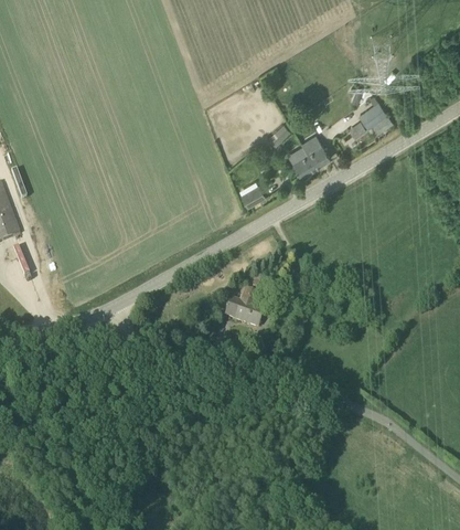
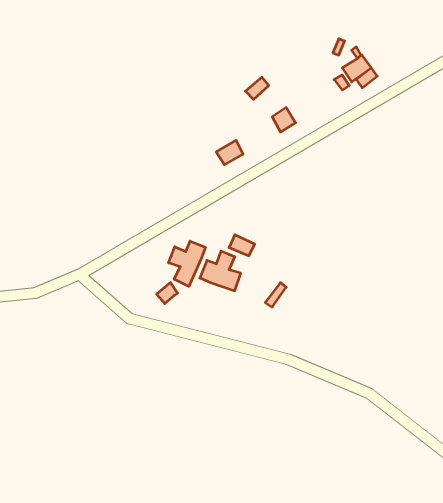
building: [301,131,330,163] -> none
building: none -> [169,241,205,286]

